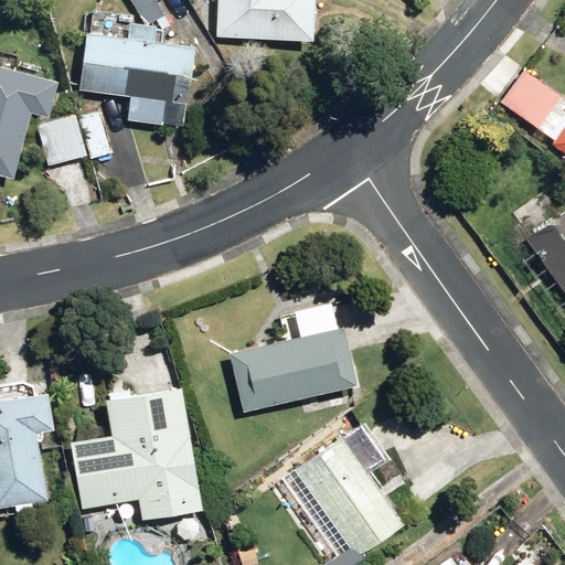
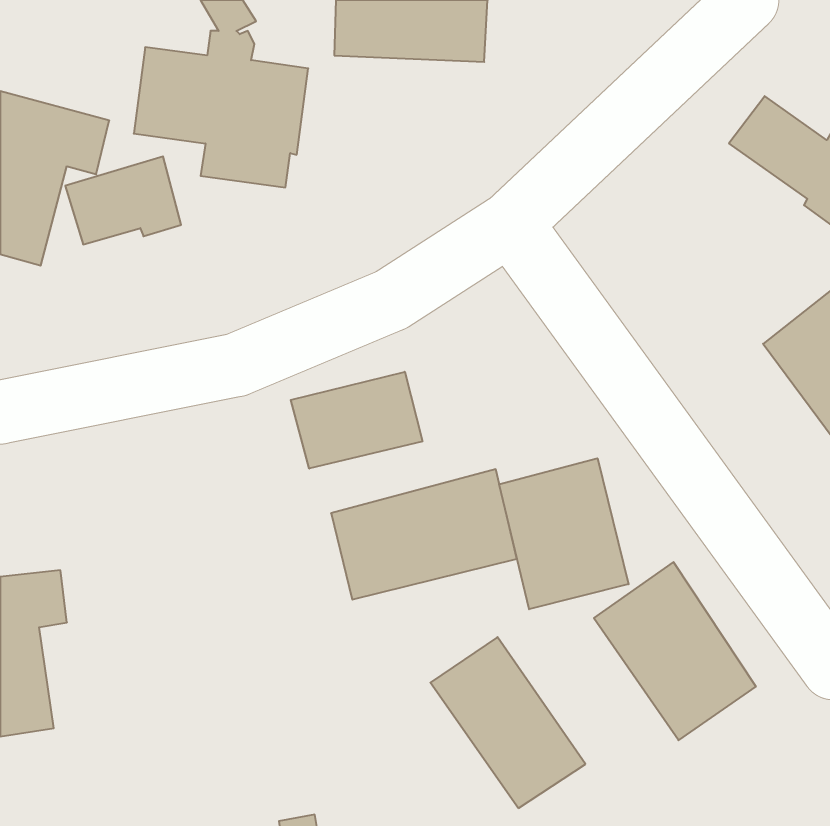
building: none -> [291,372,422,469]
building: none -> [499,458,629,609]
building: [70,385,194,516] -> none
building: none -> [594,562,756,740]

